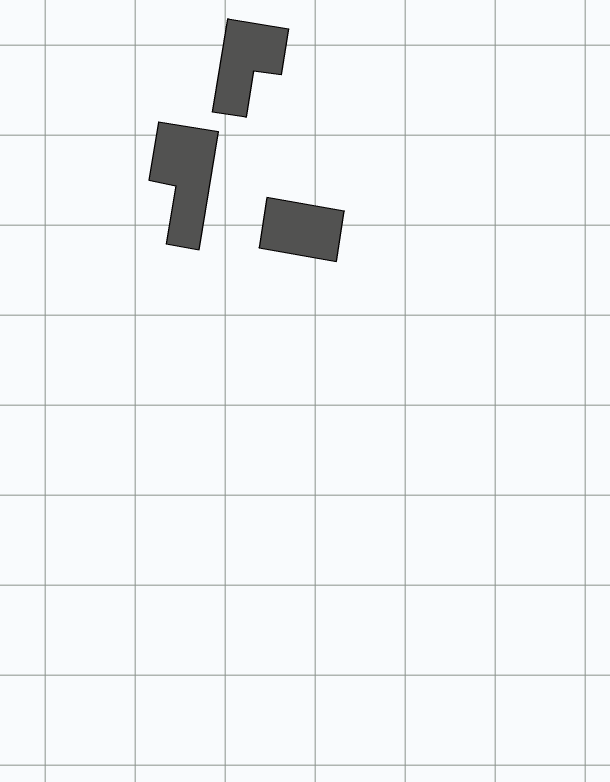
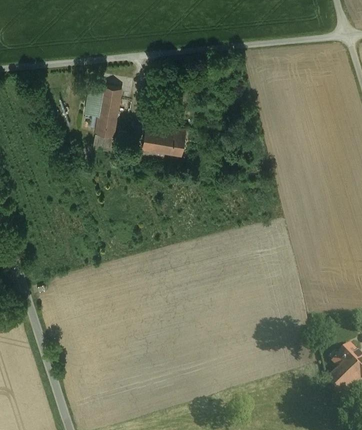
building: [213,19,289,117] -> none

